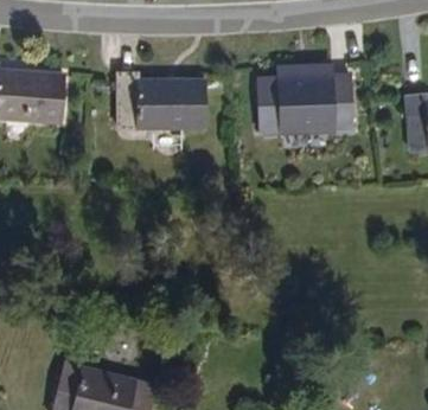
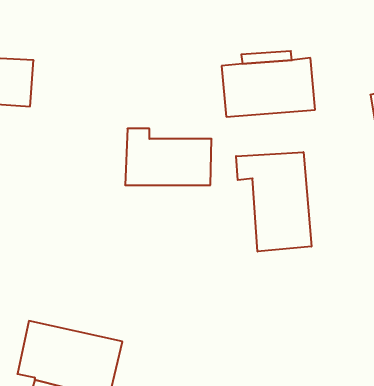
building: [121,70,210,128] -> [125,129,212,185]
building: none -> [236,152,311,252]

